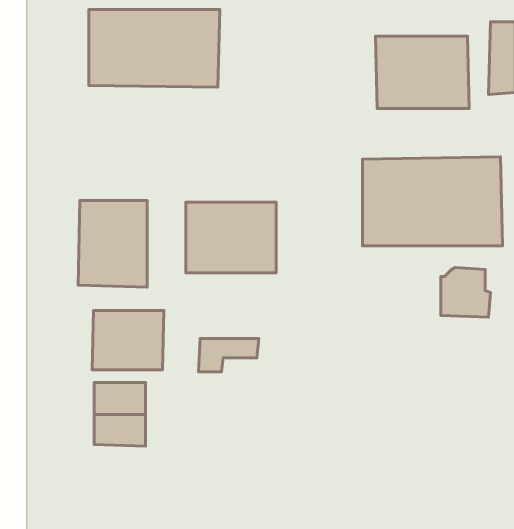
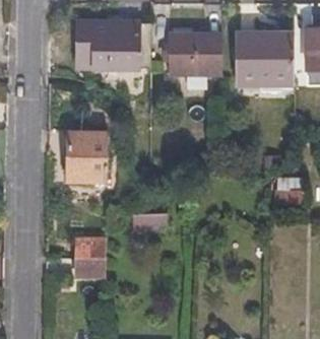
building: [362,157,503,246] -> none
building: [186,202,276,273] -> [169,37,220,77]
building: [92,311,164,370] -> none

